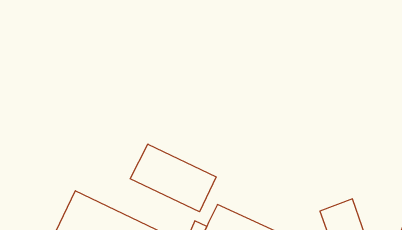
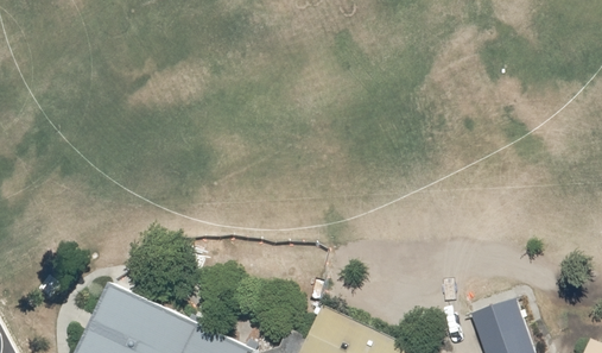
building: [130,144,216,212] -> none

